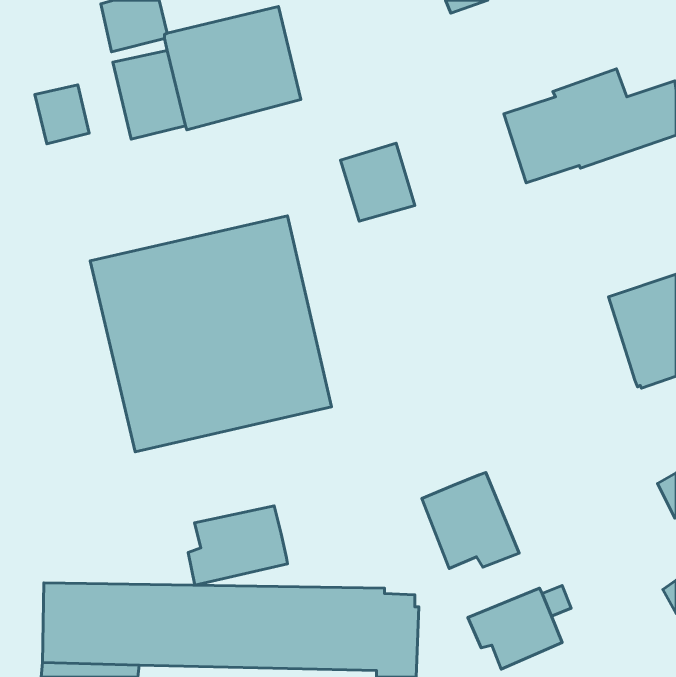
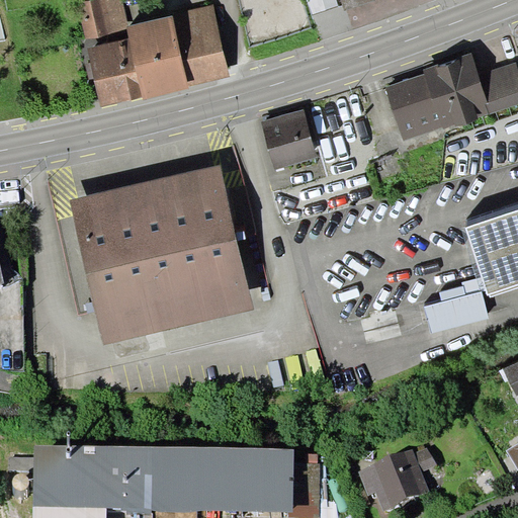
building: [35,85,89,144] -> none
building: none -> [424,277,488,333]
building: [422,473,519,569] -> none
building: [188,506,287,585] -> none

